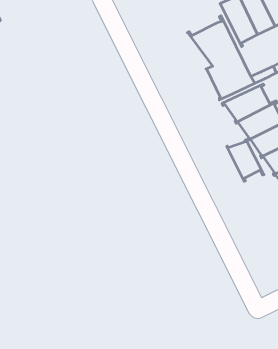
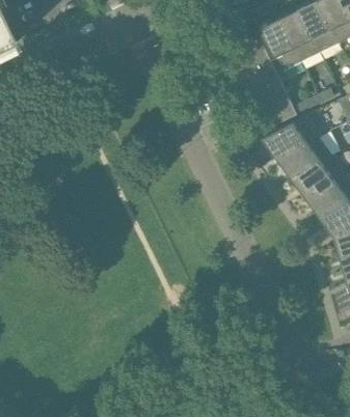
building: [227,140,264,181] -> none

